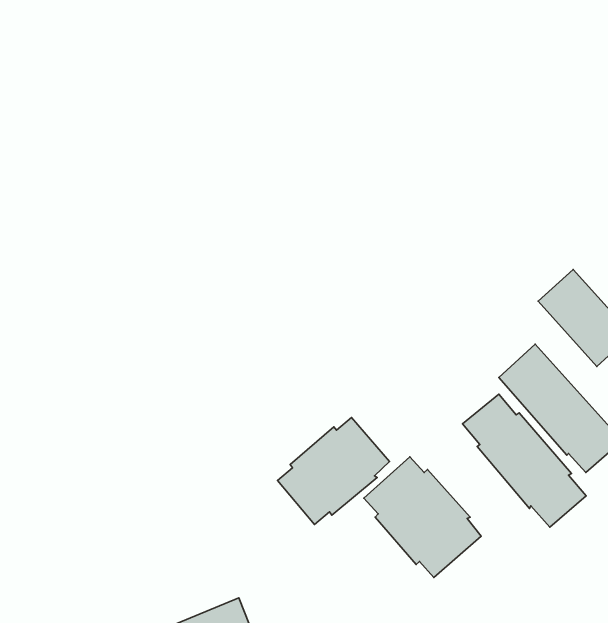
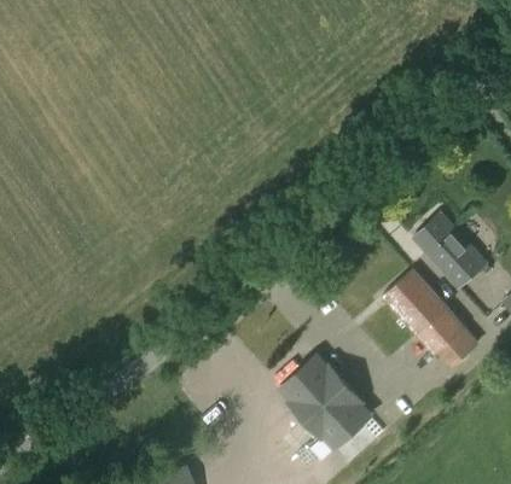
building: [462,394,586,527] -> none
building: [278,417,390,525] -> none

